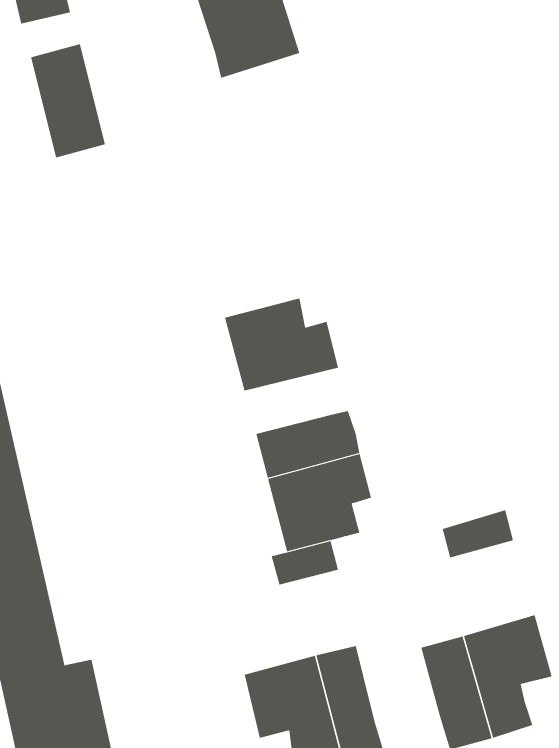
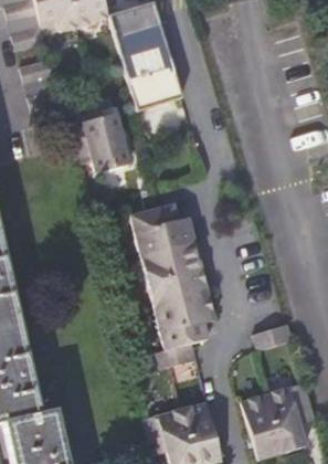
building: none -> [128,64,182,110]
building: none -> [65,112,129,171]
building: none -> [141,243,201,281]

